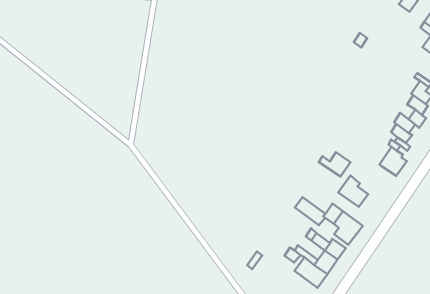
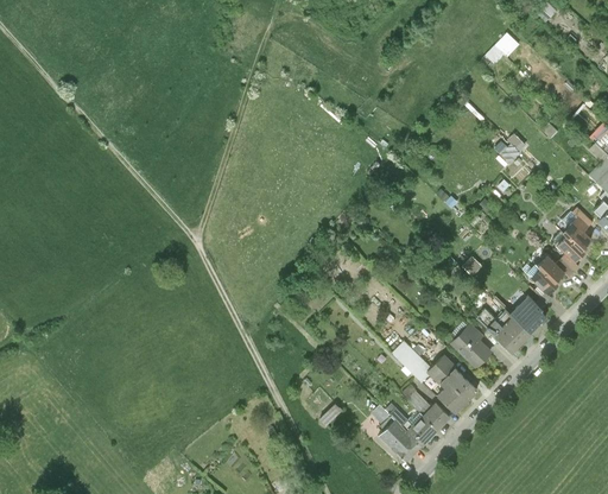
building: [319,152,350,177] -> [488,319,528,352]

